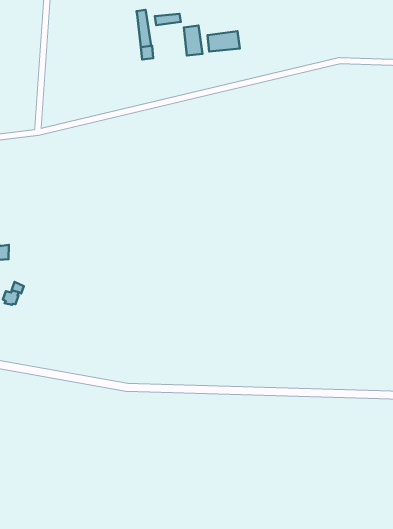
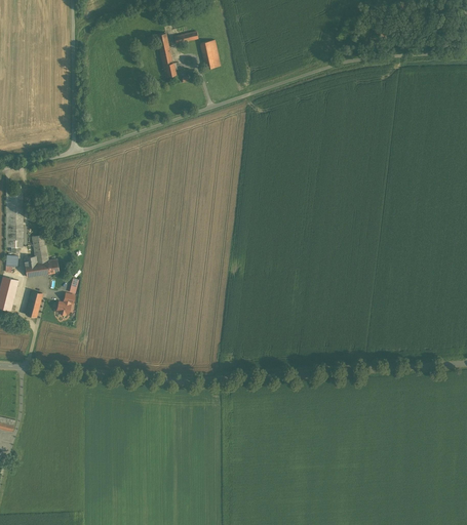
building: [208,31,240,52] -> none

